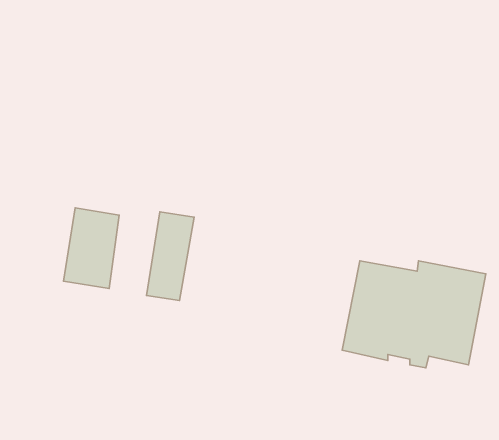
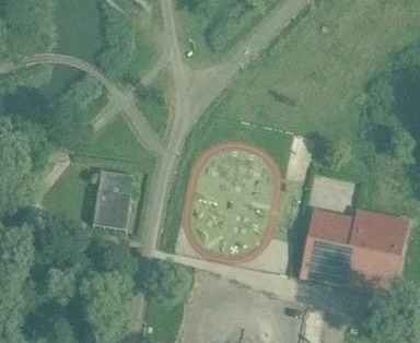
building: [146,212,194,301] -> none

